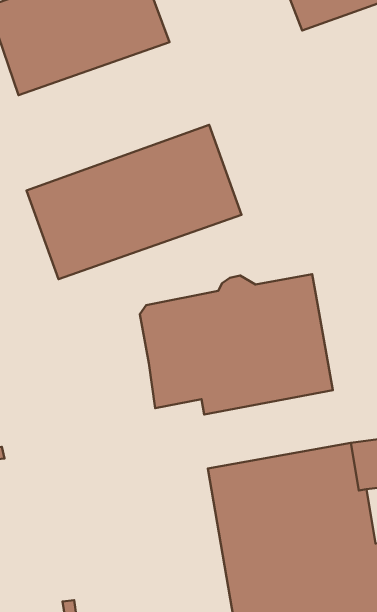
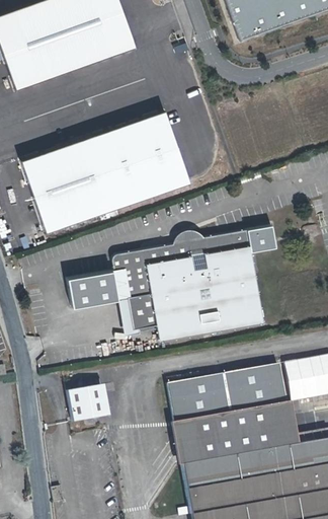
building: none -> [248,225,276,252]
building: none -> [67,271,119,307]
building: none -> [65,387,106,423]

